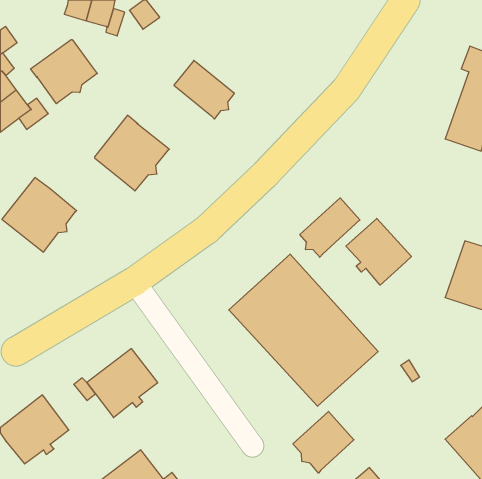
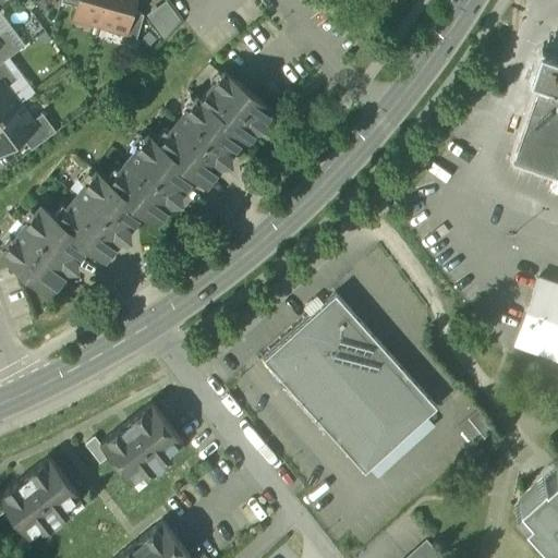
building: [31,40,97,104] -> none
building: none -> [159,99,245,186]
building: none -> [59,174,144,262]
building: [300,198,360,257] -> none
building: [346,218,411,285] -> none
building: [293,411,354,473] -> none

